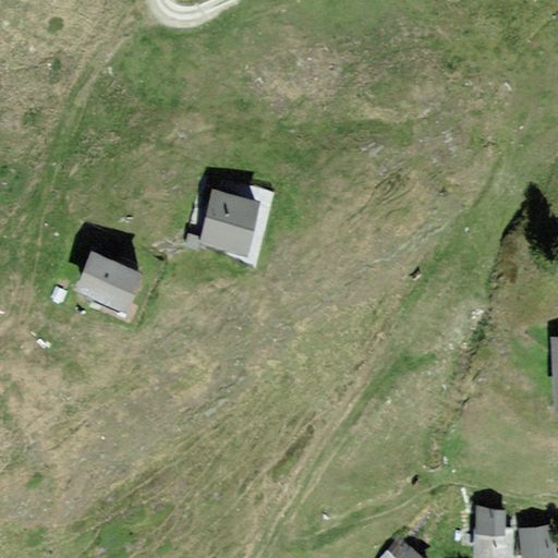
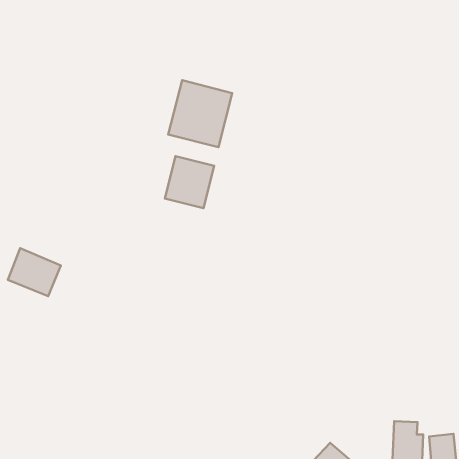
building: none -> [168,80,232,147]
building: [75,253,140,311] -> [8,248,61,296]

